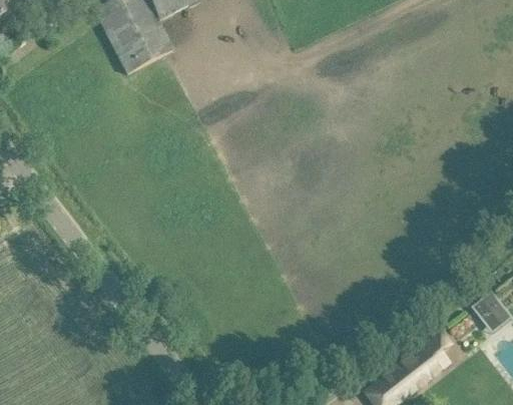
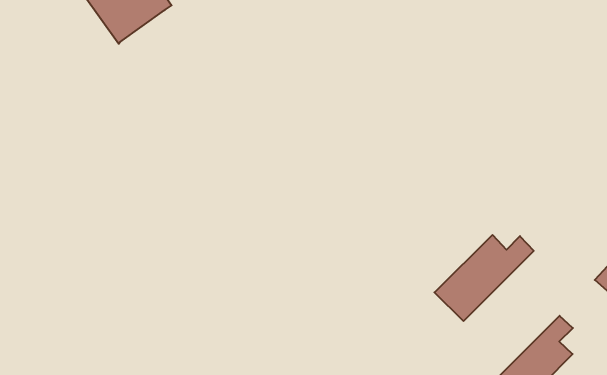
building: none -> [434,235,534,321]

